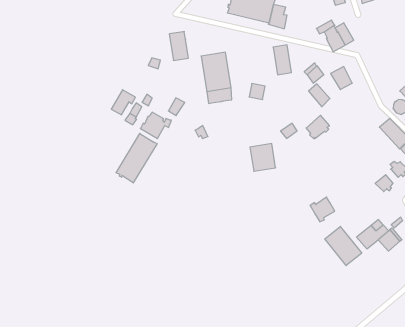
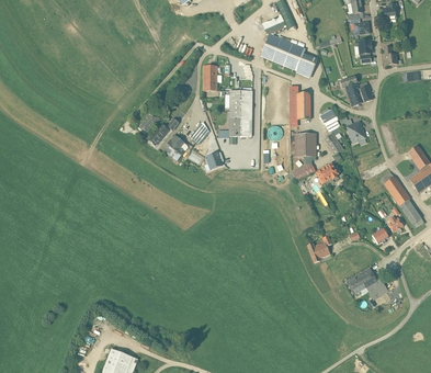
building: [116,133,157,183] -> none
building: [250,144,276,171] -> [294,133,315,156]
building: [325,226,362,266] -> none

